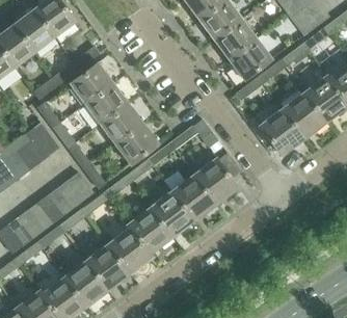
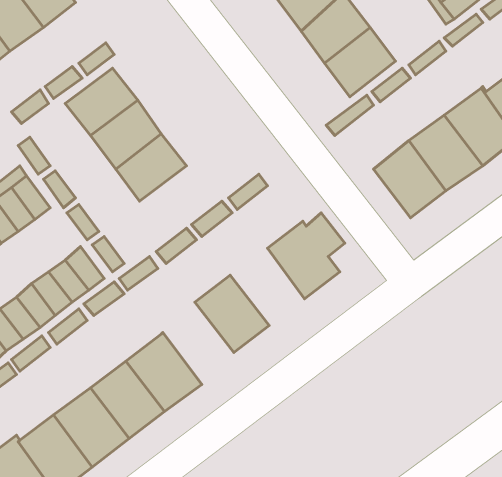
building: [115,123,160,165] -> none
building: [171,174,217,221] -> none
building: [127,207,174,255] -> none

